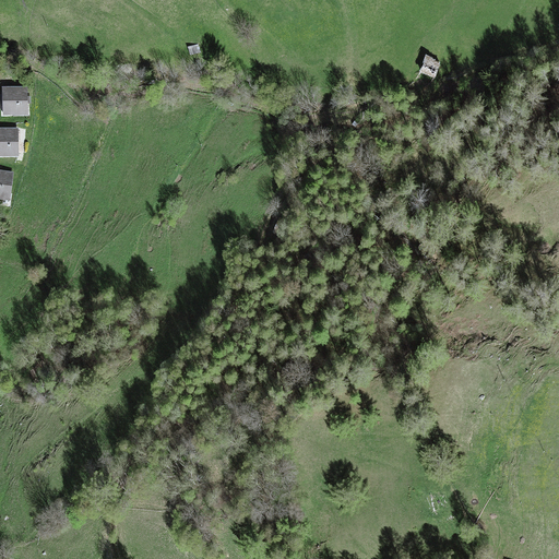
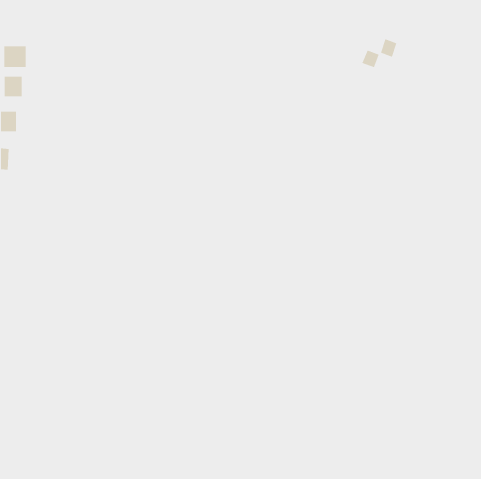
building: none -> [4,45,26,68]

